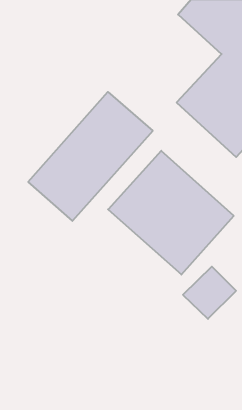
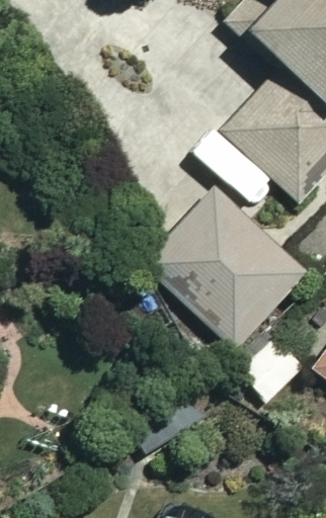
building: [28,92,153,221] -> none

